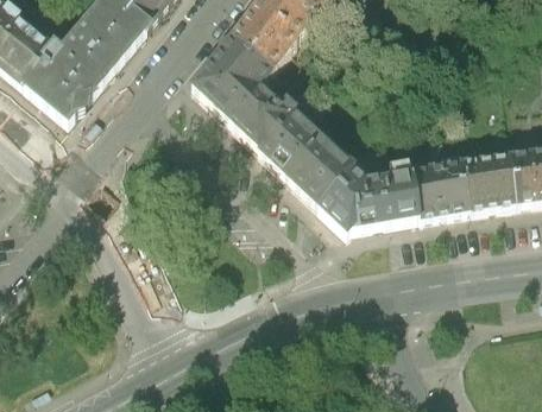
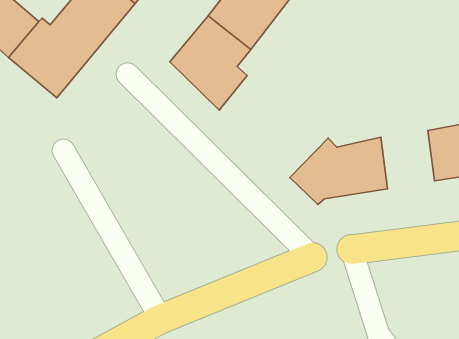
building: [239,101,354,209] -> none
building: [410,159,467,221] -> none

